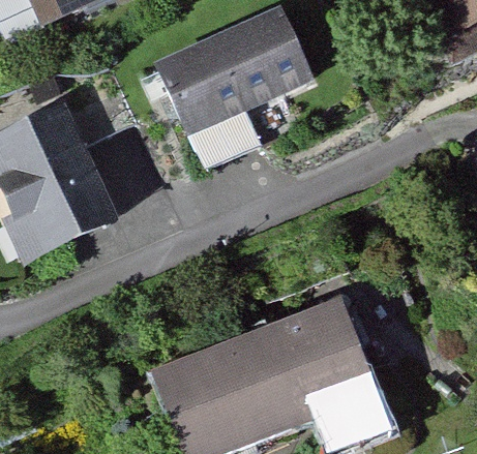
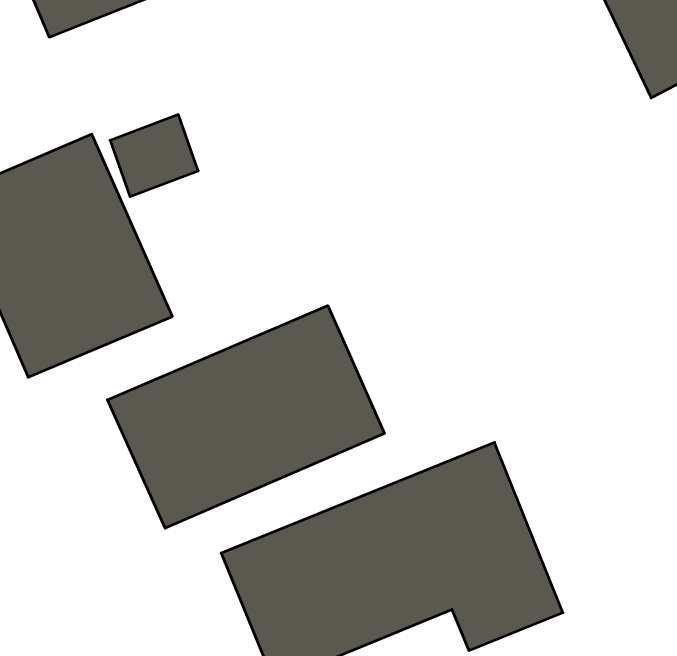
building: [157,7,314,132] -> none
building: none -> [107,306,384,528]

